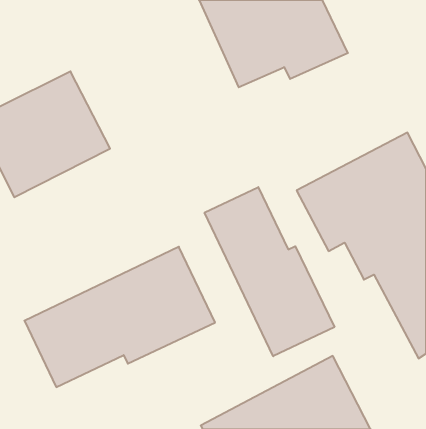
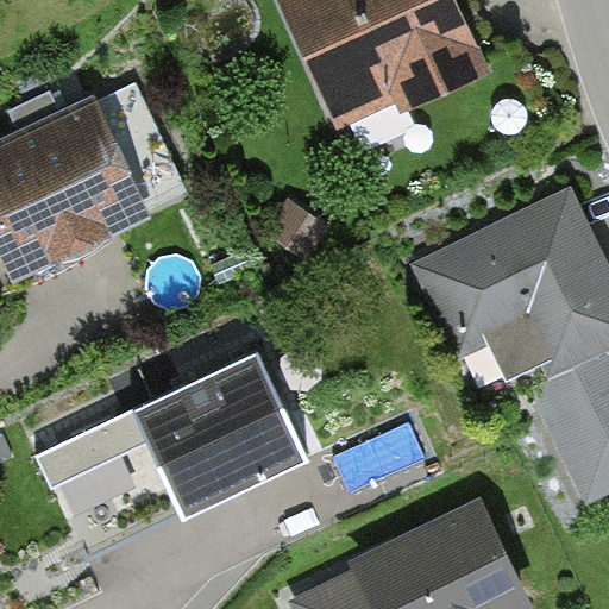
building: [205,187,334,356] -> none

